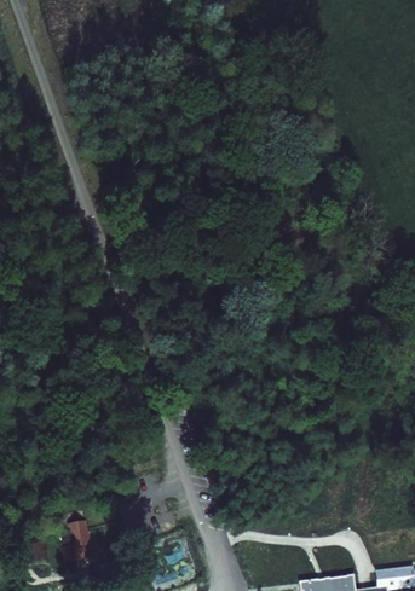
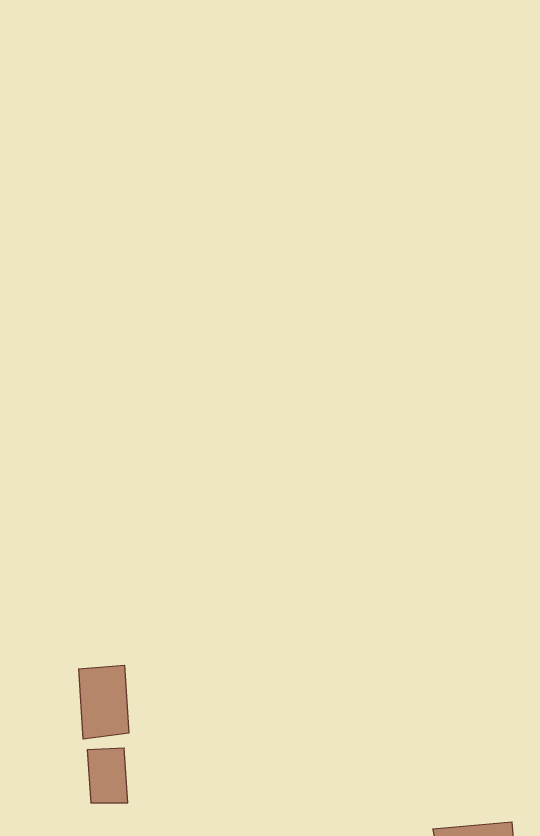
building: none -> [79,665,129,739]

